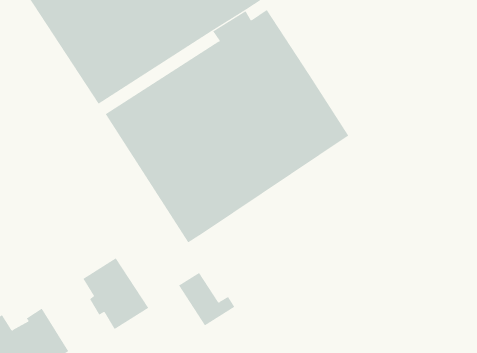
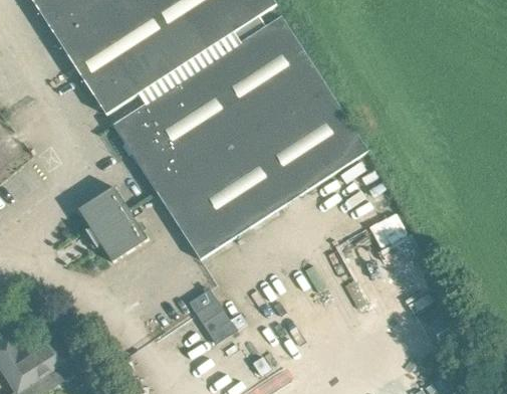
building: [82,258,149,330] -> [79,188,149,263]

